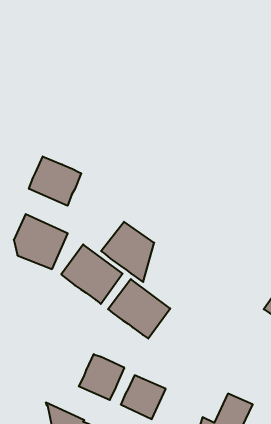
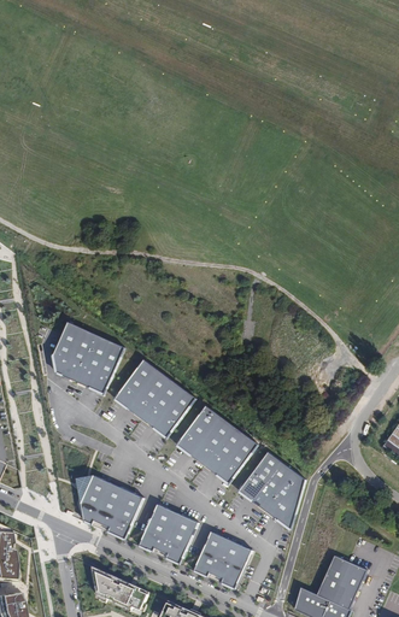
building: [29,156,81,206] -> none
building: [101,222,154,282] -> [234,447,304,527]
building: none -> [81,475,145,540]

